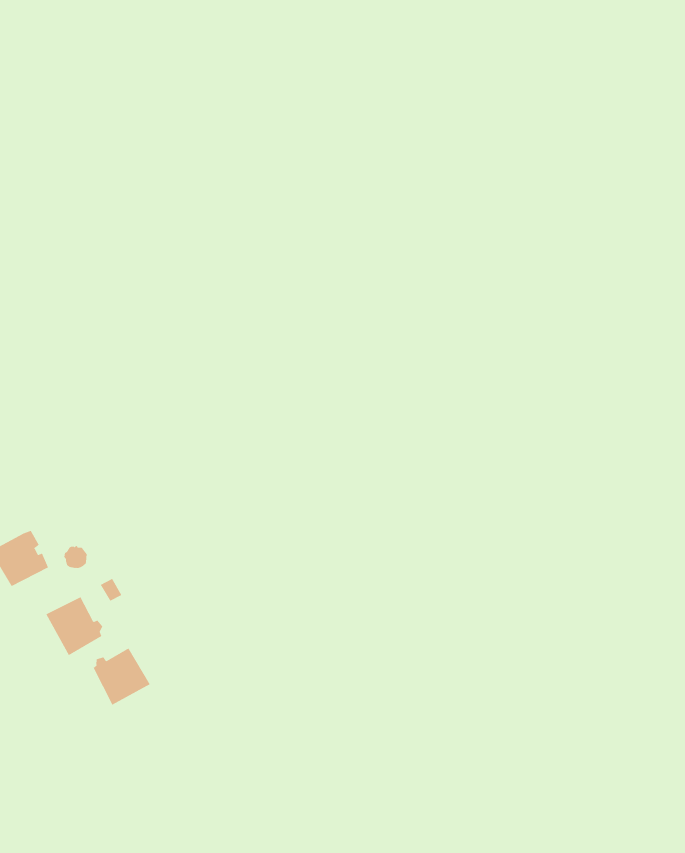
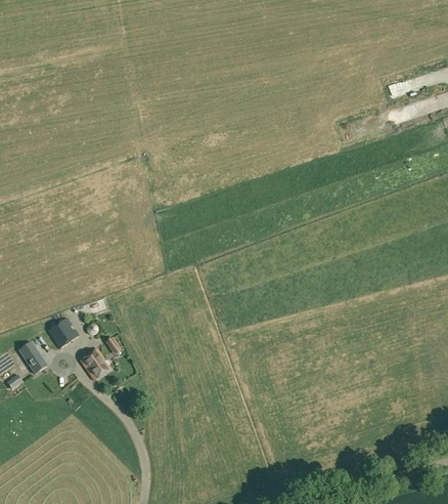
building: [93,647,151,706] -> none

